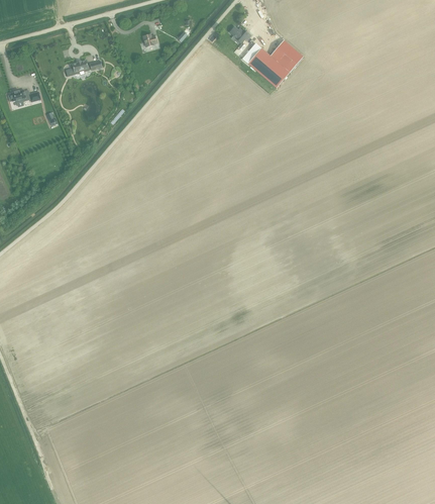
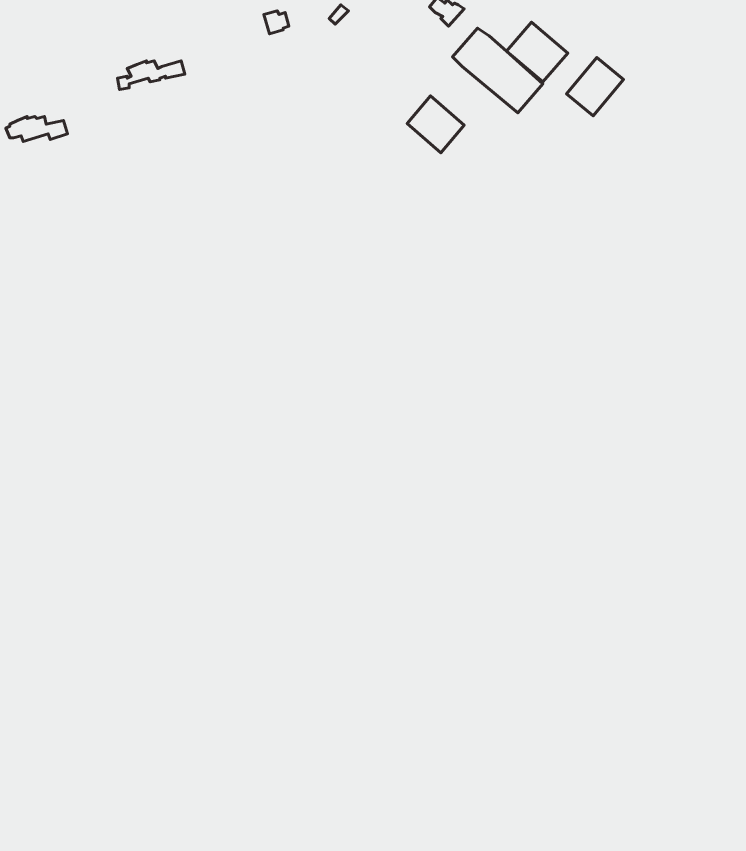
building: none -> [566,58,624,116]
building: none -> [407,96,464,153]

